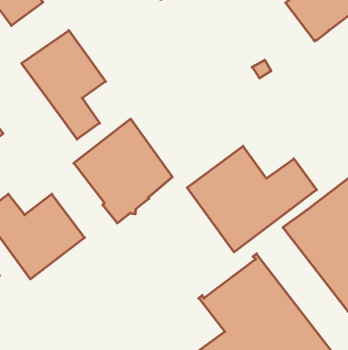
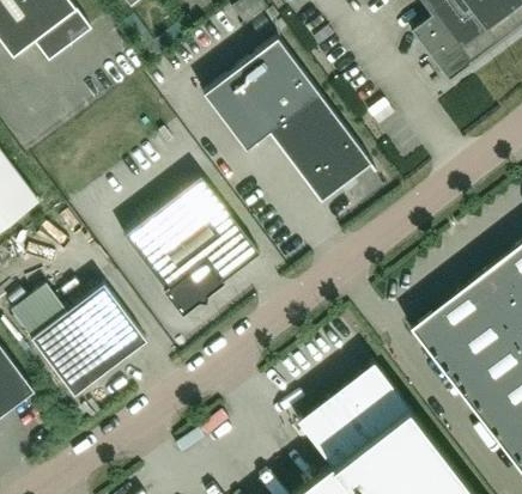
building: none -> [202,37,374,200]
building: [22,30,106,139] -> none
building: [187,146,317,252] -> none

